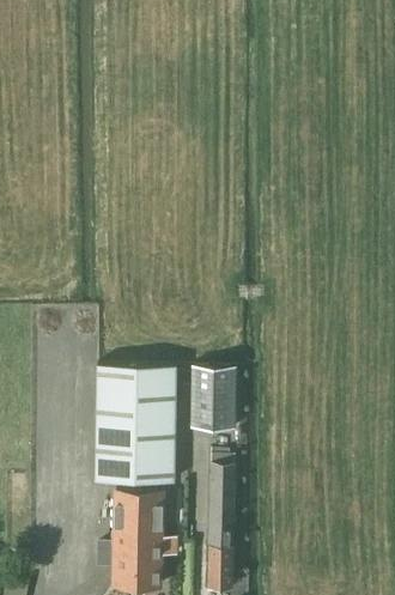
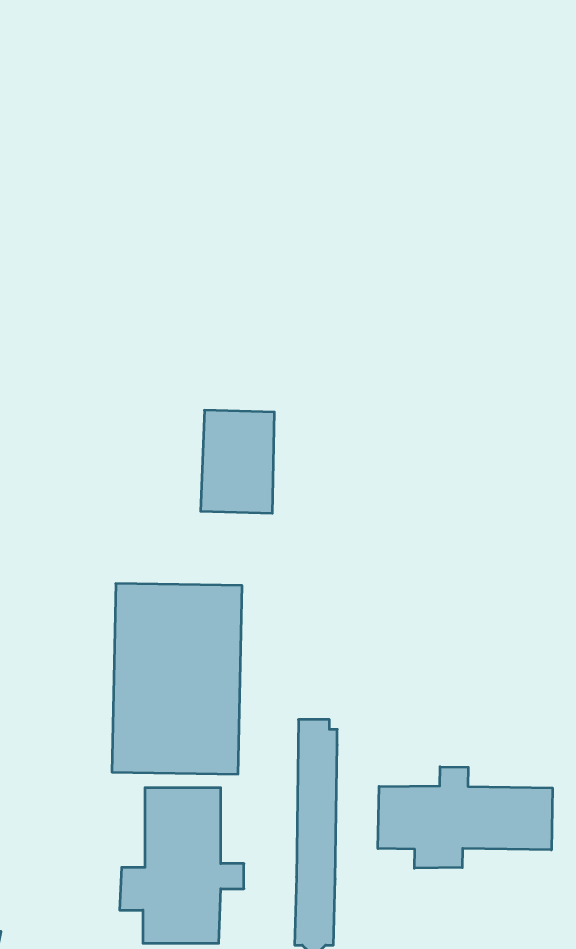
building: [189,365,235,429] -> [201,410,274,513]
building: none -> [378,767,552,868]

